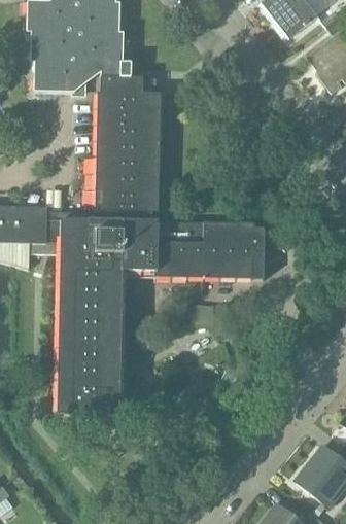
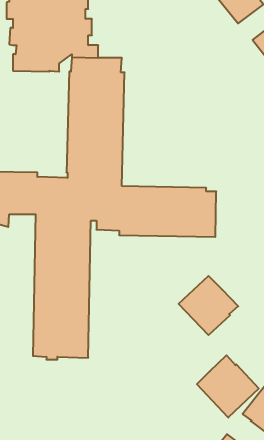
building: none -> [179,276,238,335]
building: none -> [197,355,259,418]

